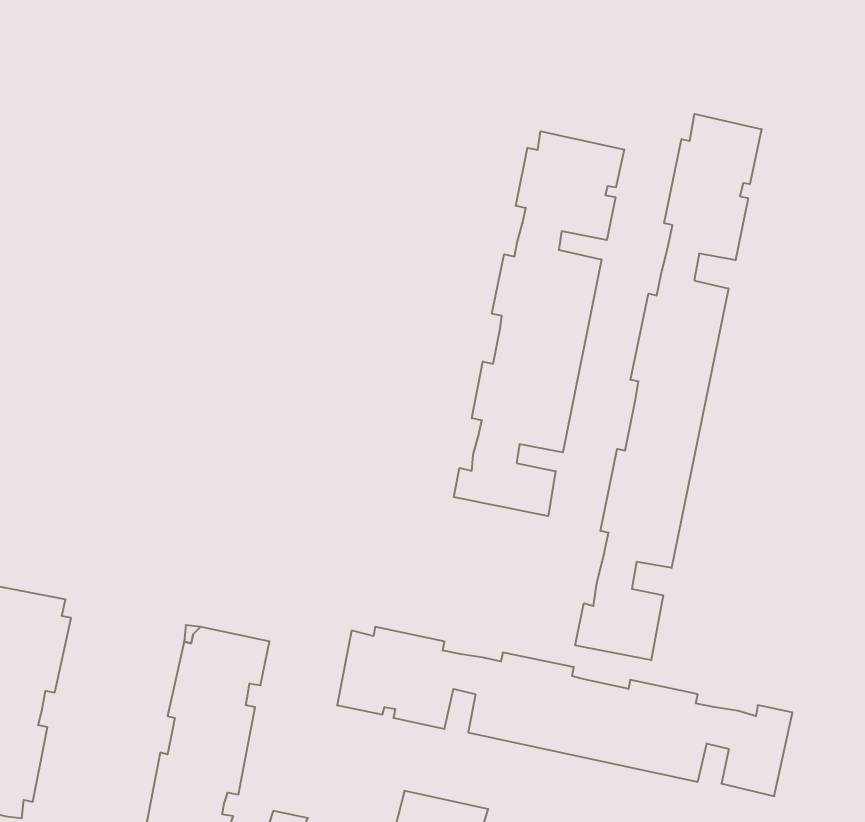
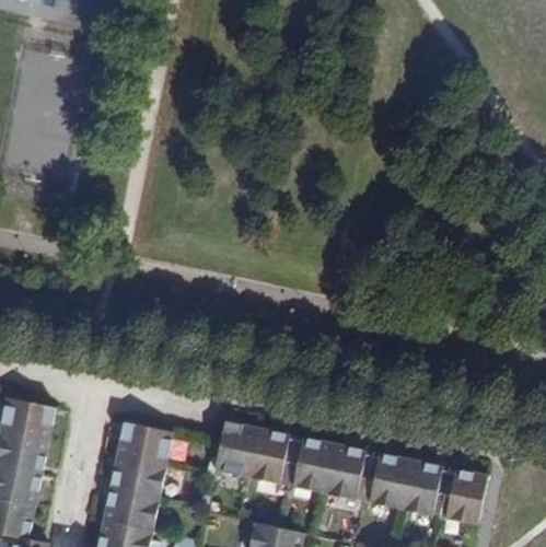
building: [575,114,762,660] -> none
building: [454,131,624,516] -> none

